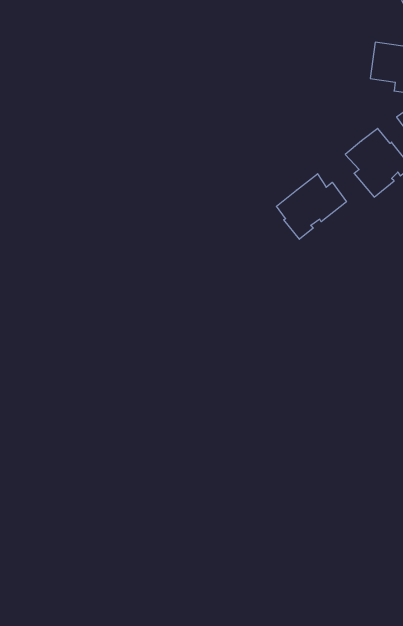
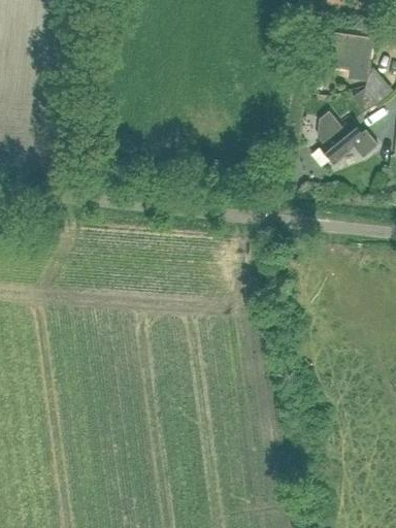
building: [276,174,346,239] -> none

